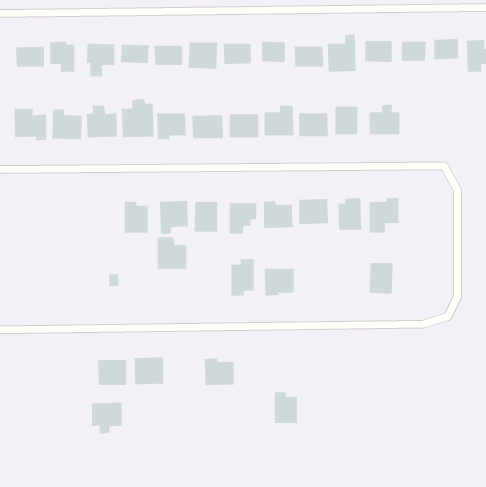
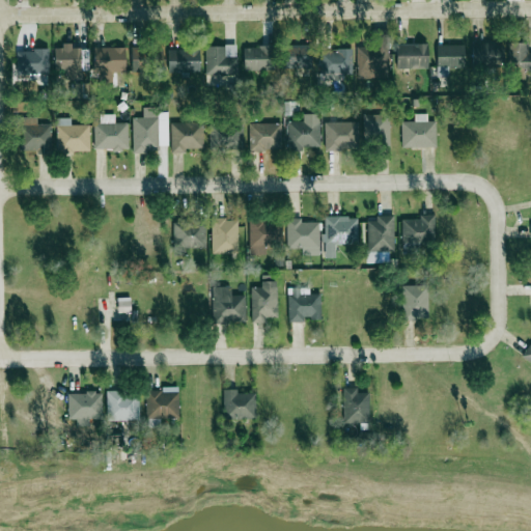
building: [157,237,187,270] -> [213,286,246,323]
building: [274,391,298,424] -> [344,388,370,423]
building: [91,402,123,434] -> [68,392,103,427]

